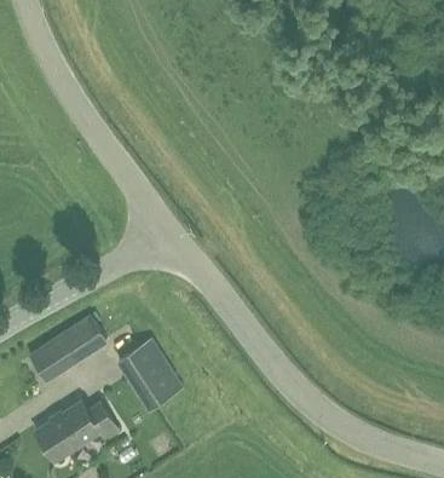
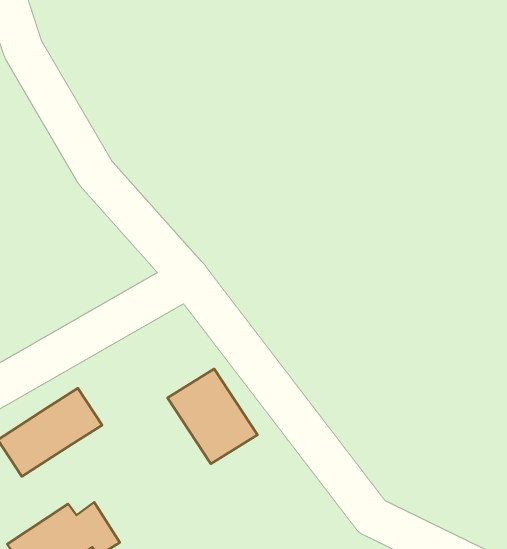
building: [116,339,184,410] -> [167,369,257,464]

